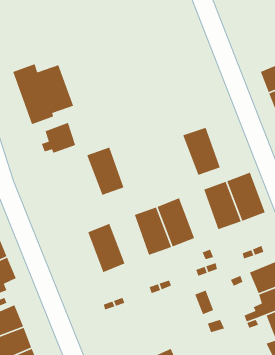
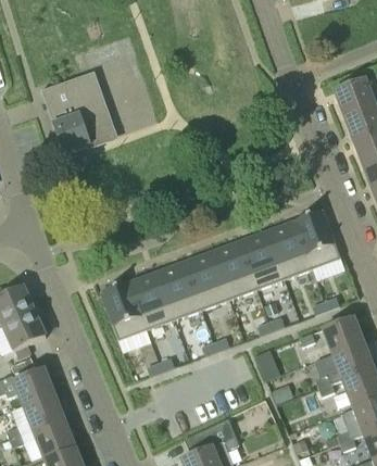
building: [41,122,76,154] -> none
building: [182,127,221,176] -> [239,229,285,288]
building: [86,147,125,196] -> [156,260,202,318]
building: none -> [101,280,148,339]

